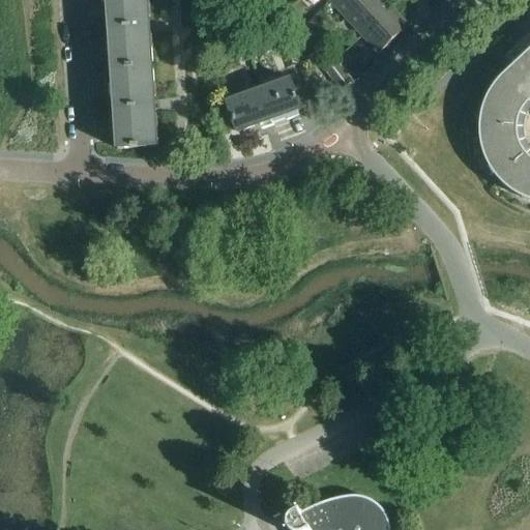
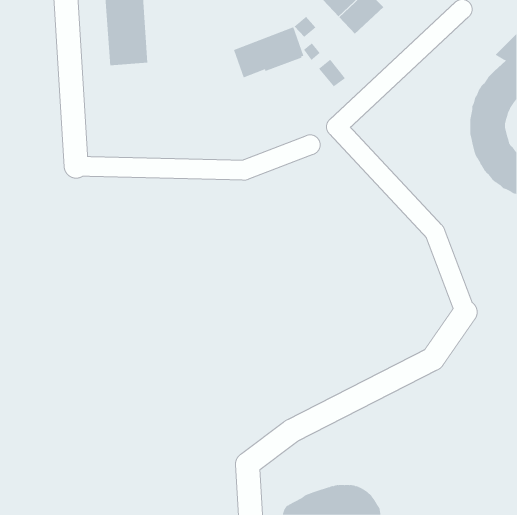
building: [362,7,408,53] -> none
building: [112,64,157,148] -> none
building: [227,78,299,130] -> [233,26,304,78]

